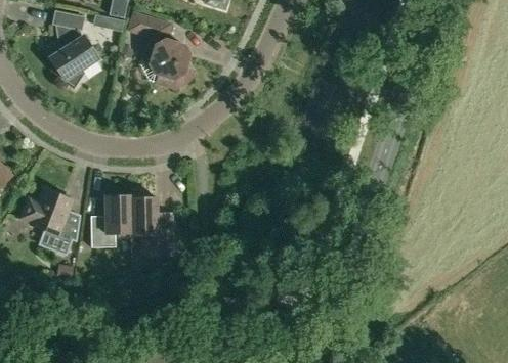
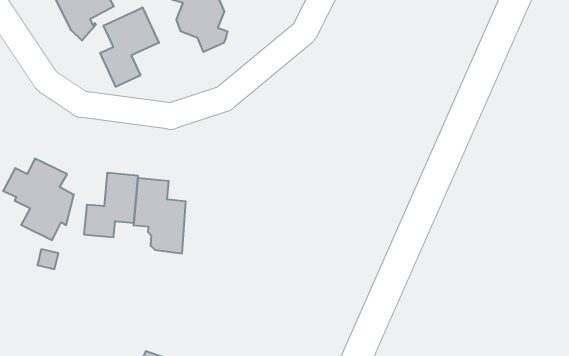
building: none -> [100,7,159,87]

